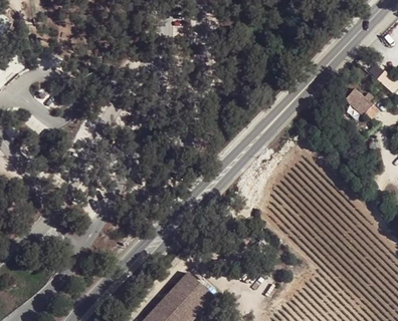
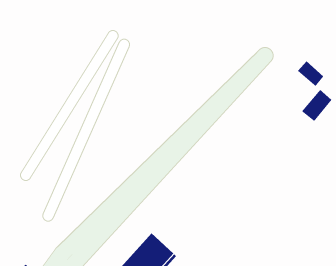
building: none -> [301,89,332,122]

